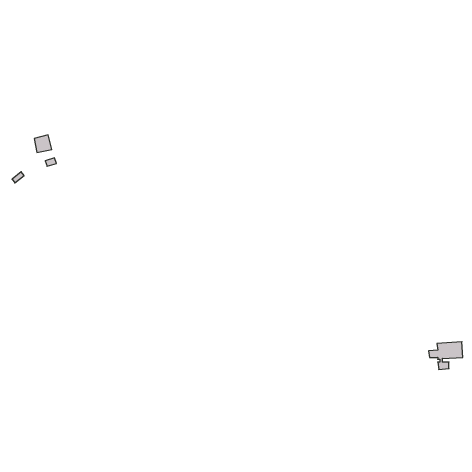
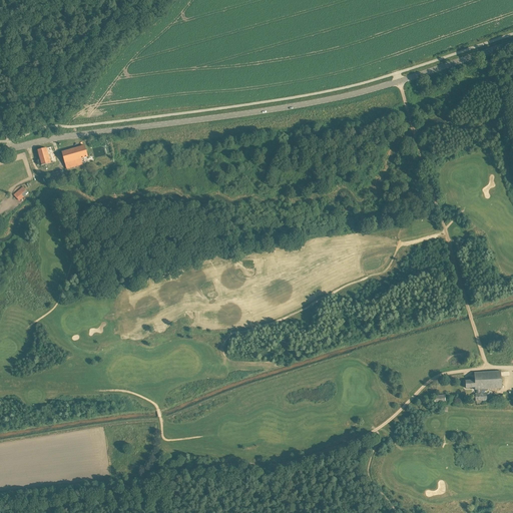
building: none -> [62,145,88,169]

